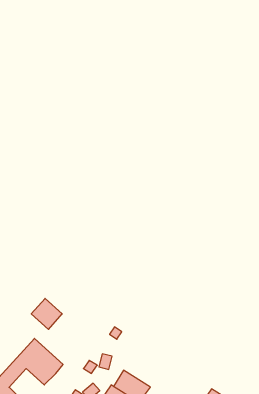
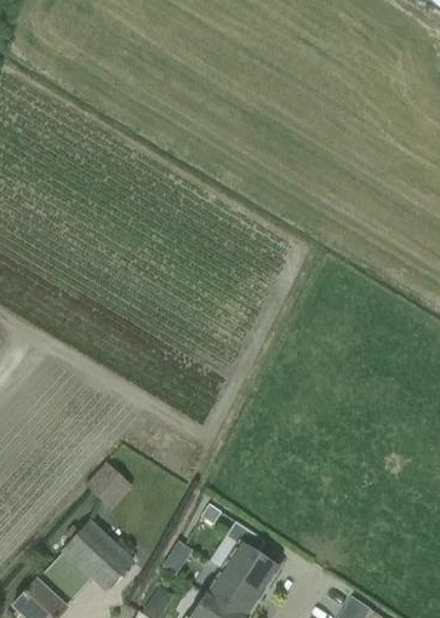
building: none -> [222,522,279,595]

